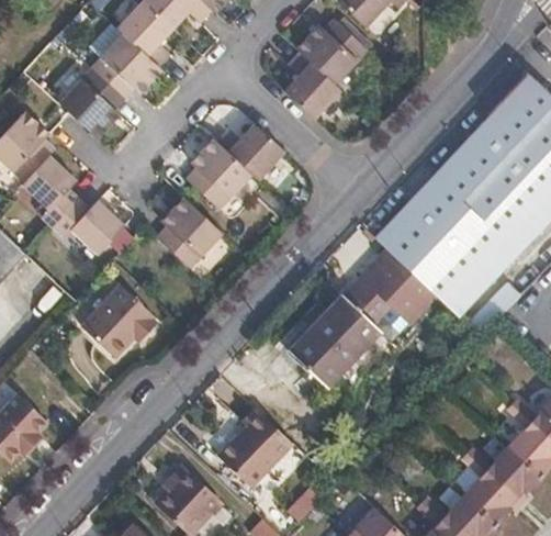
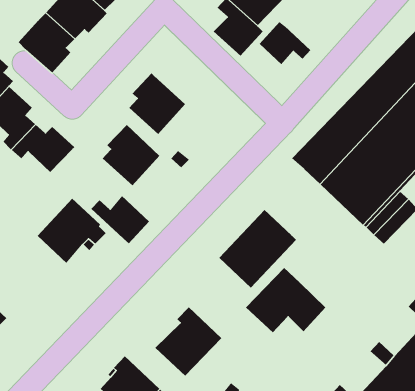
building: none -> [259,21,311,65]
building: [216,122,285,181] -> none
building: [342,249,436,325] -> [245,267,326,333]
building: none -> [91,195,150,244]

